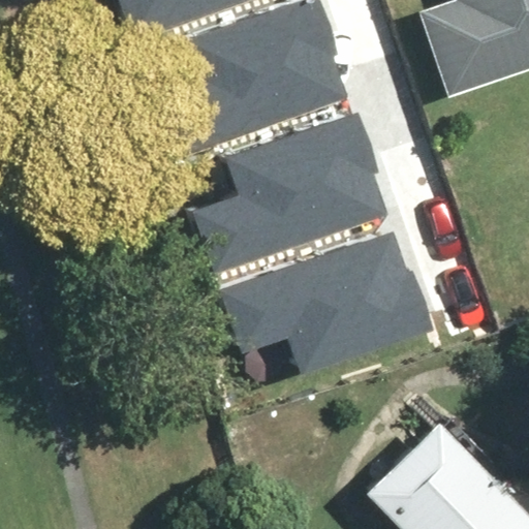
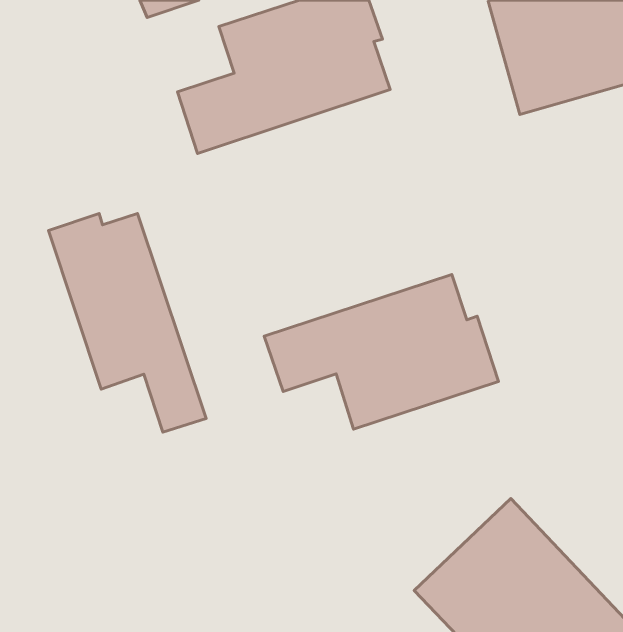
building: [205,113,379,255] -> none
building: none -> [49,213,206,432]

